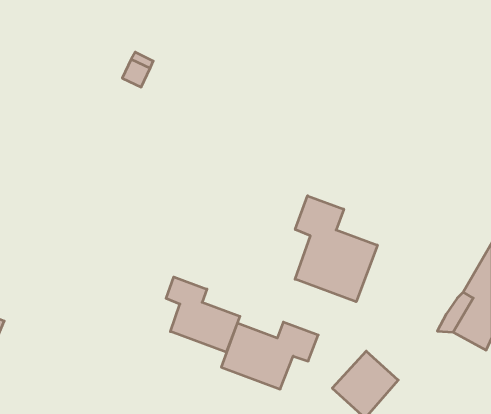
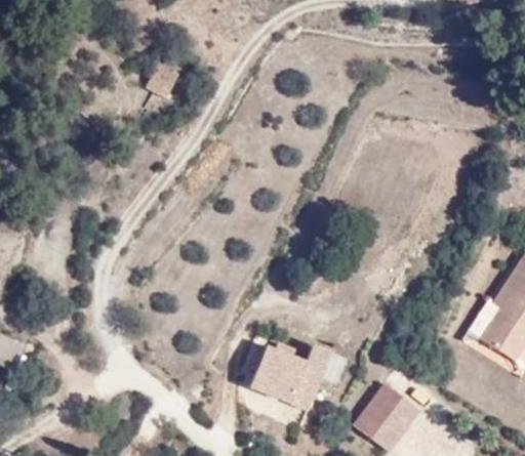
building: [295,196,377,302] -> none
building: [166,277,240,352] -> none

